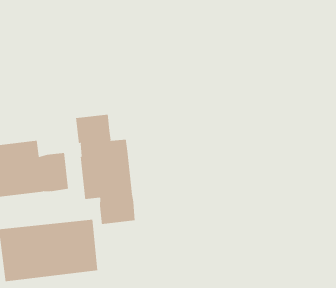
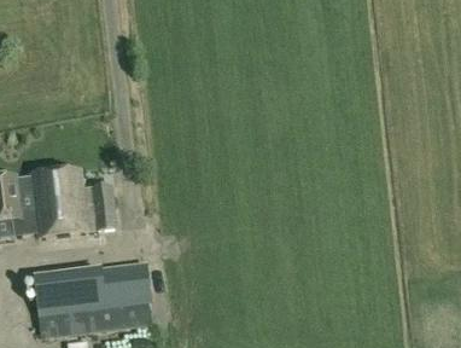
building: [76,114,135,225] -> none

